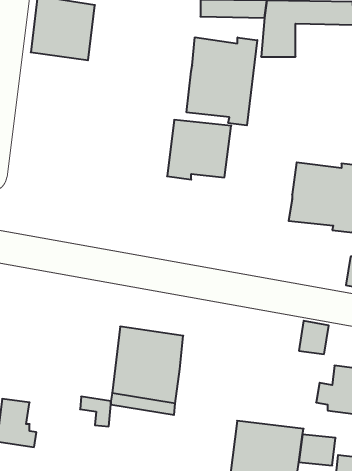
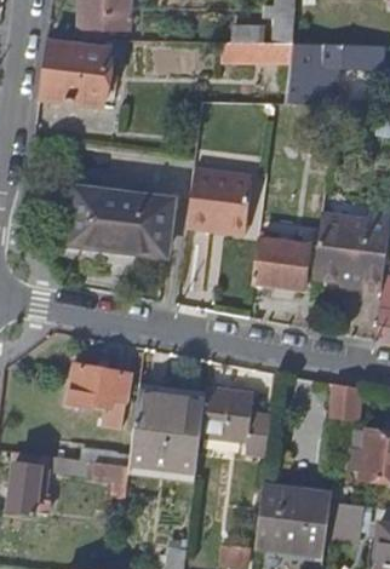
building: [187,37,257,125] -> none
building: none -> [70,184,176,252]
building: none -> [253,240,319,289]
building: none -> [68,363,130,406]
building: none -> [200,384,270,454]

